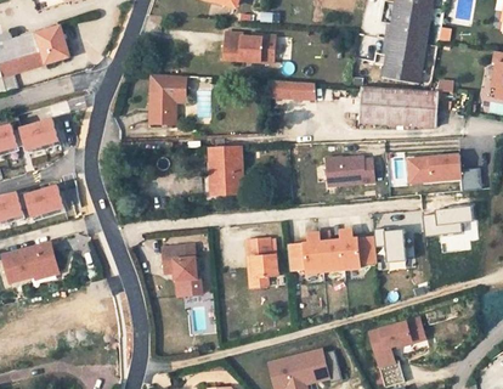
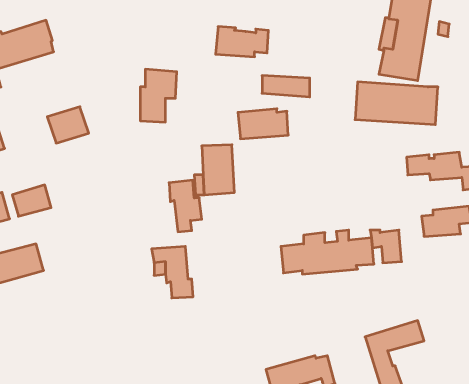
building: [19,118,60,153] -> [47,107,89,143]
building: [324,154,373,184] -> [238,109,288,139]
building: [245,237,277,287] -> [169,180,202,232]

